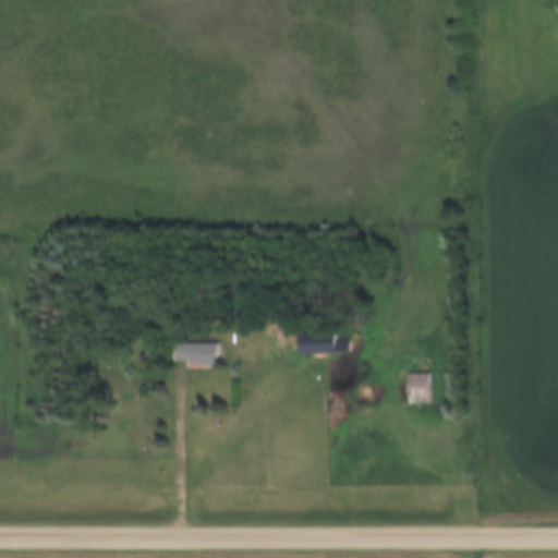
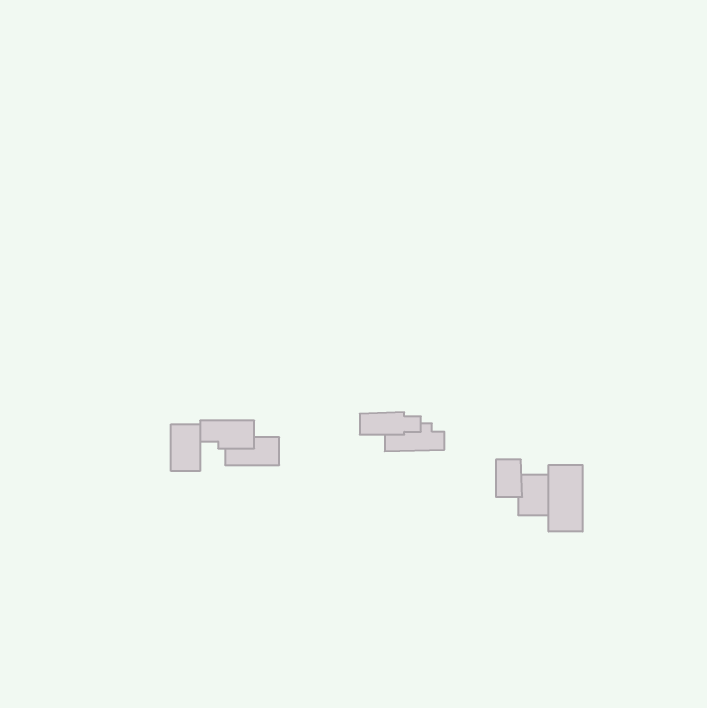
building: none -> [171,424,200,471]
building: none -> [549,465,583,532]

